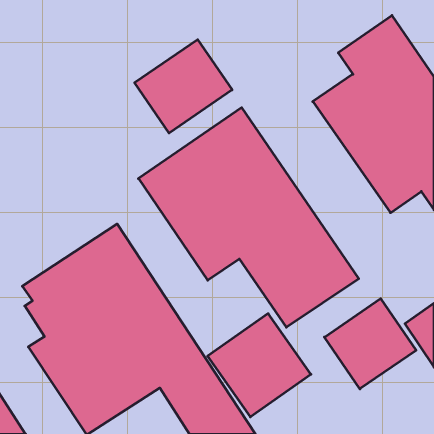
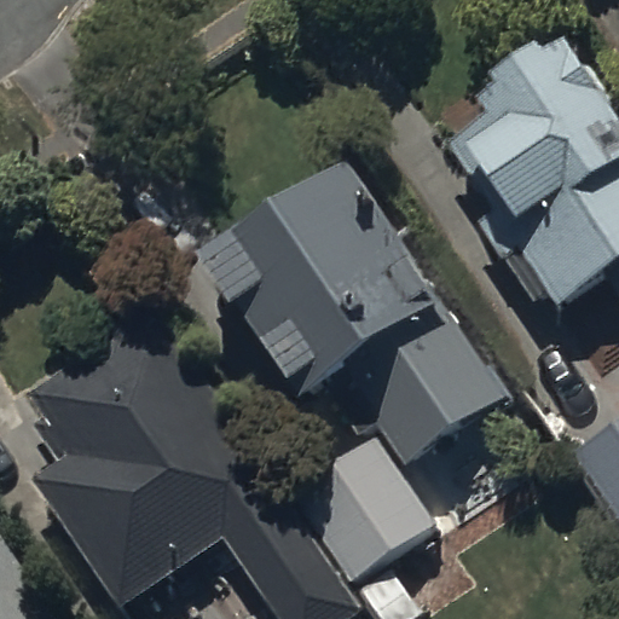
building: [135,40,232,133] -> none
building: [324,299,416,389] -> none

